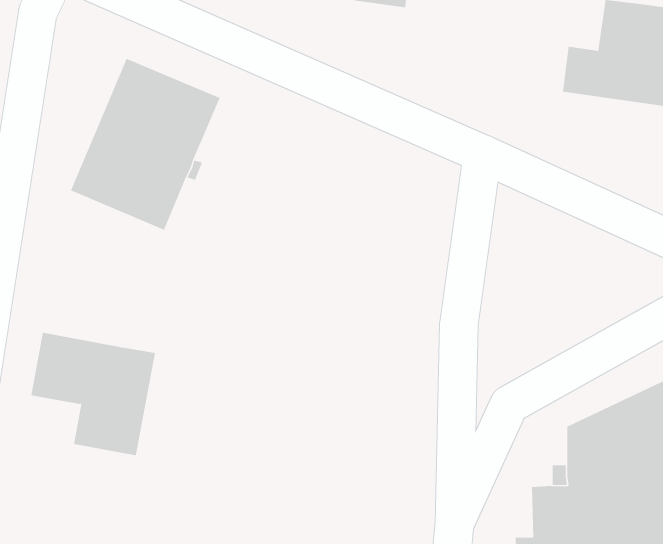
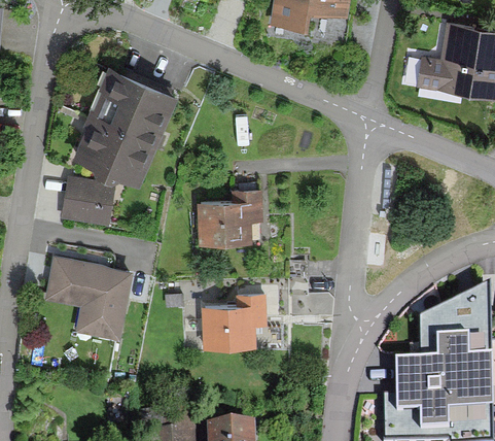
building: none -> [60,175,114,226]
building: none -> [197,188,262,244]
building: none -> [201,293,267,347]

